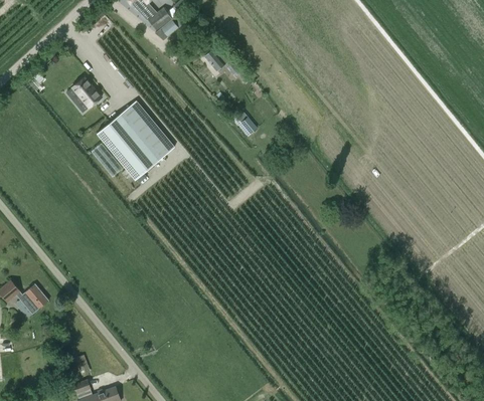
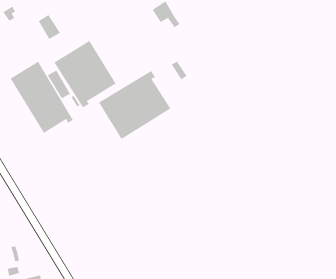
building: none -> [98,70,171,140]
building: none -> [10,61,74,134]

